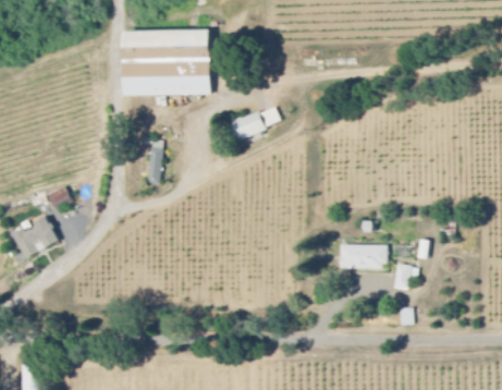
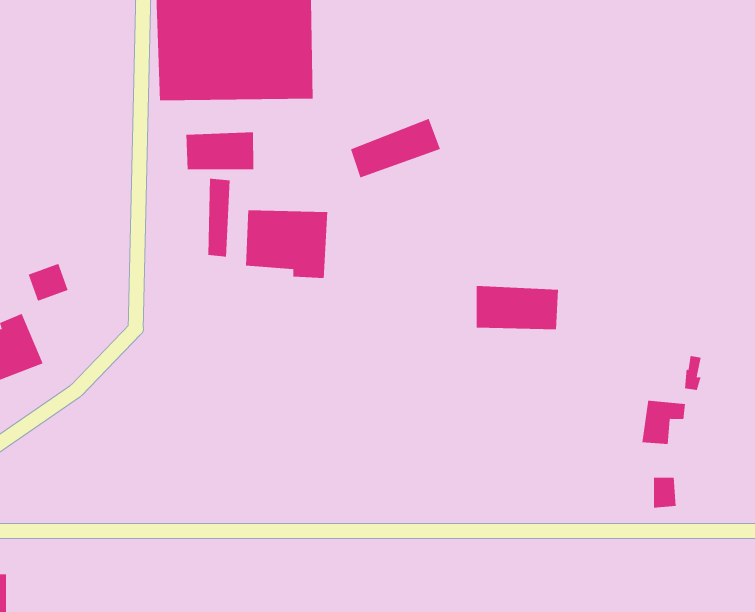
building: none -> [186,132,254,170]
building: none -> [246,210,328,279]
building: [340,243,387,268] -> [476,286,559,330]

